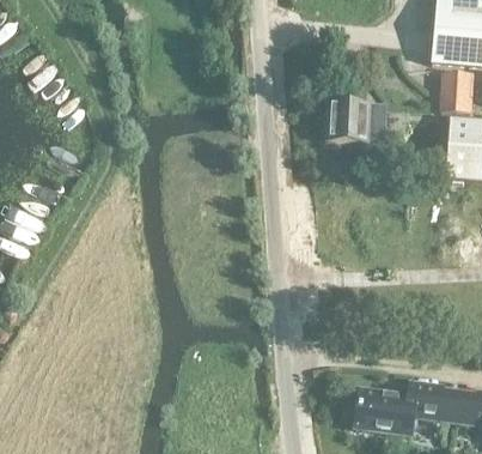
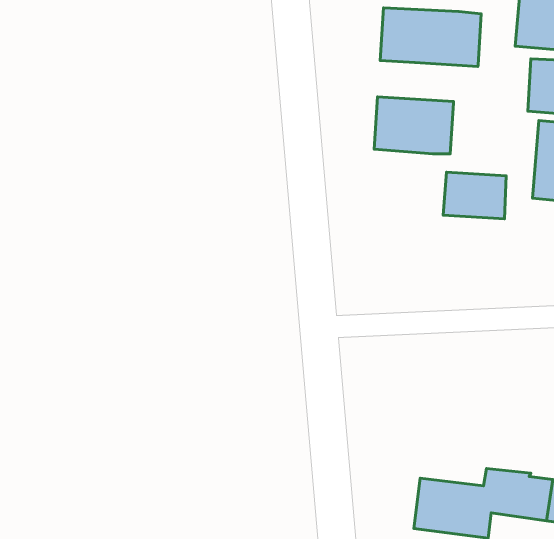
building: none -> [380,8,481,66]
building: none -> [443,172,506,219]

